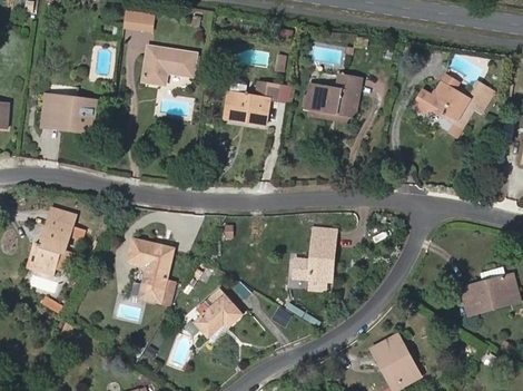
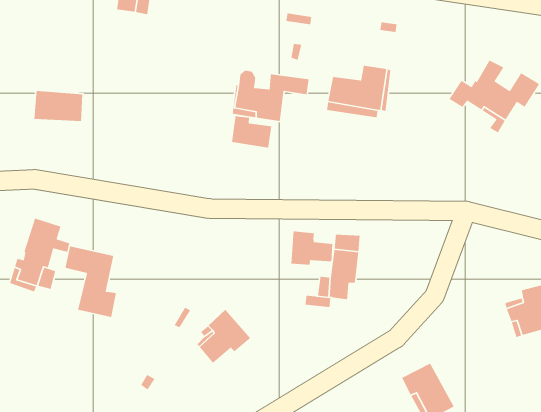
building: [142,46,196,84] -> none
building: [41,97,92,131] -> none
building: none -> [231,115,272,148]
building: none -> [290,230,333,265]
building: [128,240,174,303] -> [65,245,117,318]

